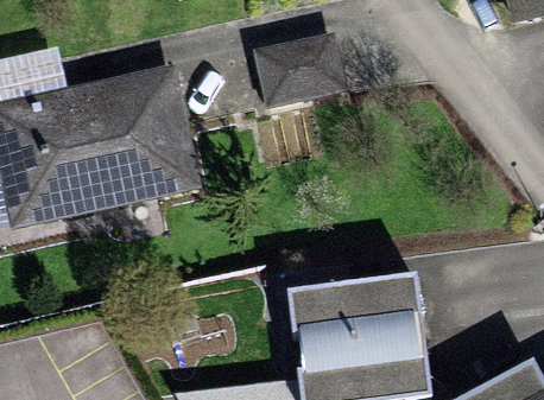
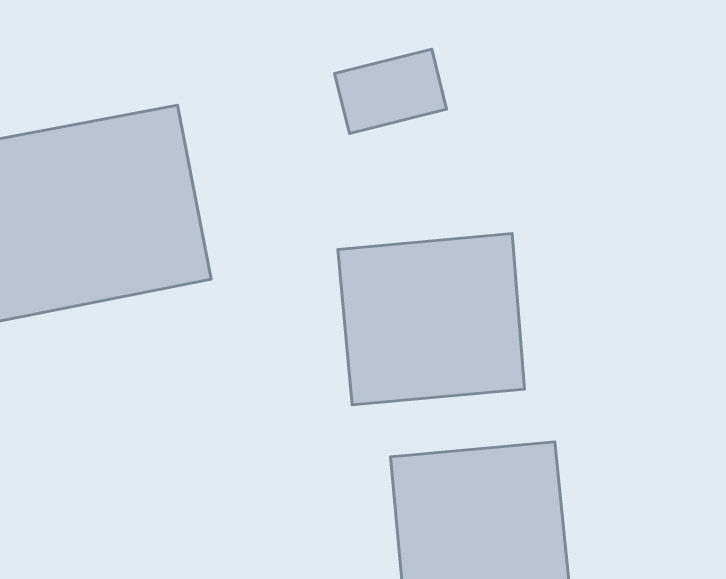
building: none -> [338,233,524,405]

